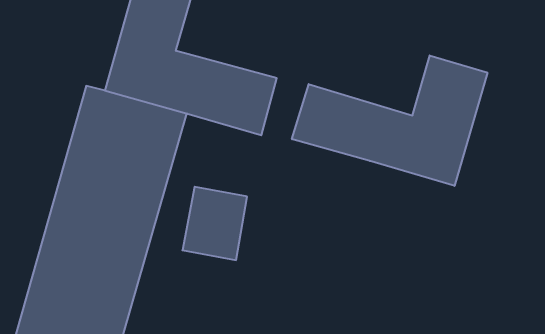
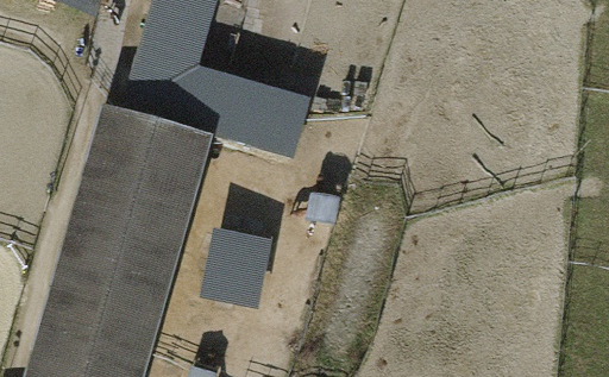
building: [292,55,487,186] -> none

